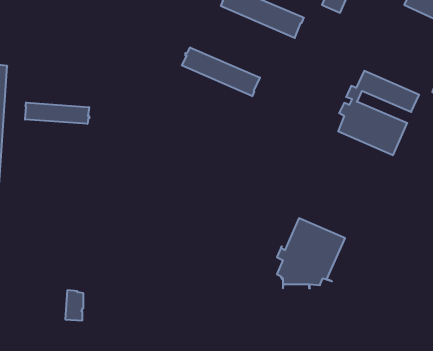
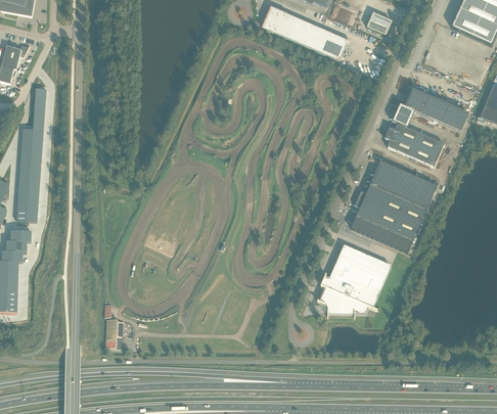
building: [182,47,260,96] -> none
building: [25,102,90,124] -> none
building: none -> [350,159,437,254]

